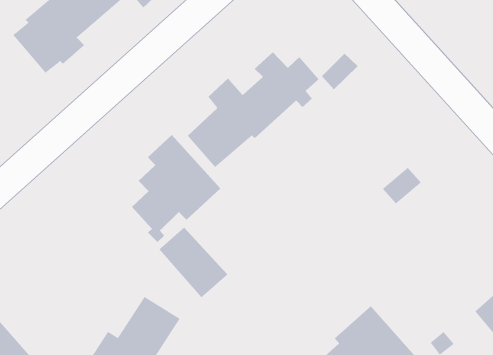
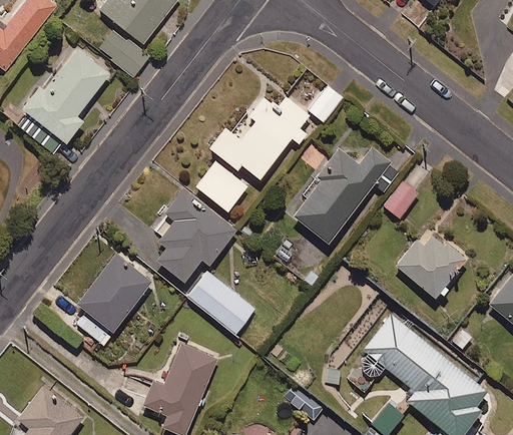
building: none -> [291,144,413,244]
building: none -> [77,254,151,344]
building: none -> [396,229,465,299]

